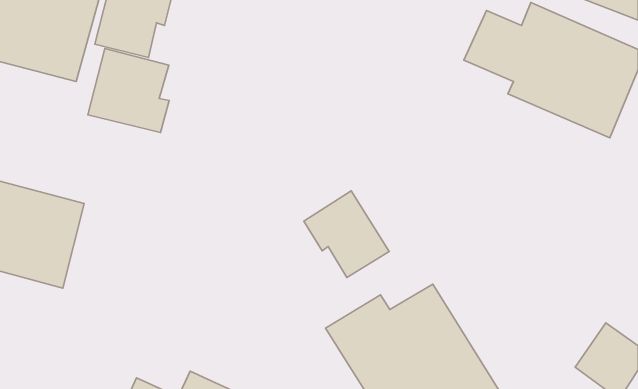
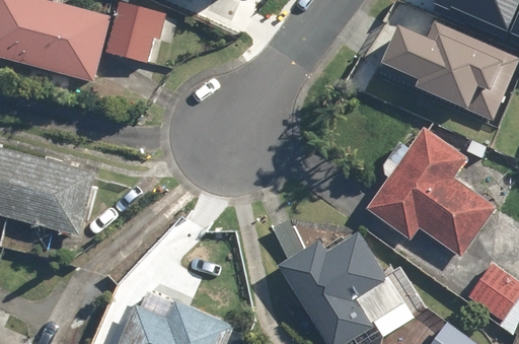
building: [88,49,169,133] -> none
building: none -> [368,127,498,258]
building: [304,191,389,278] -> none

